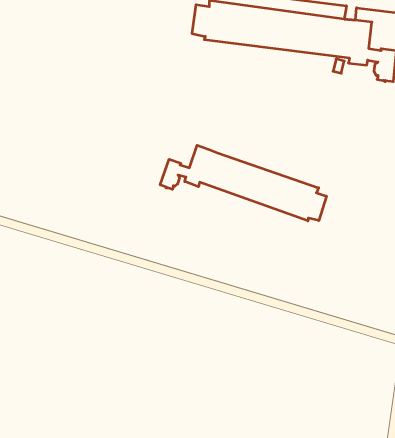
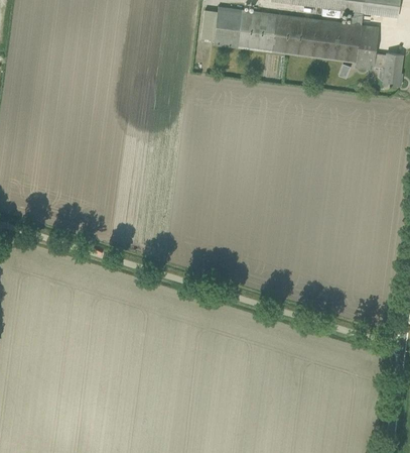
building: [160,145,326,221] -> none

